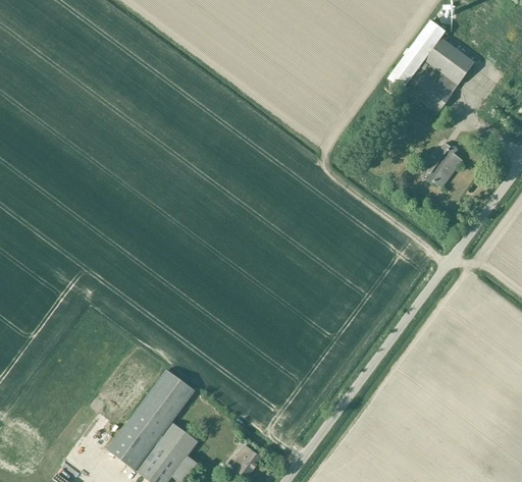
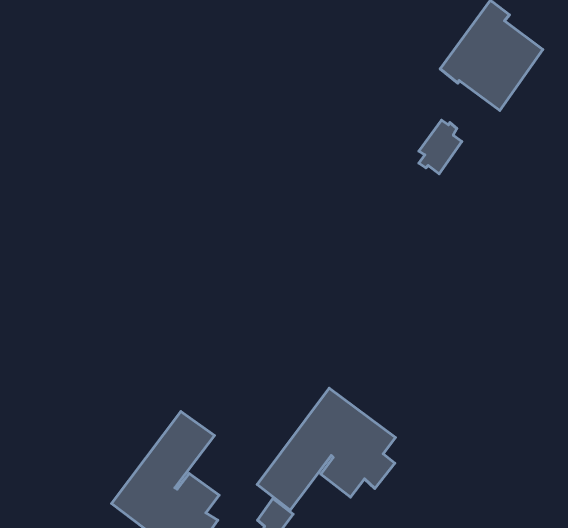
building: [425,142,462,188] -> [419,120,462,174]
building: none -> [257,388,395,510]

